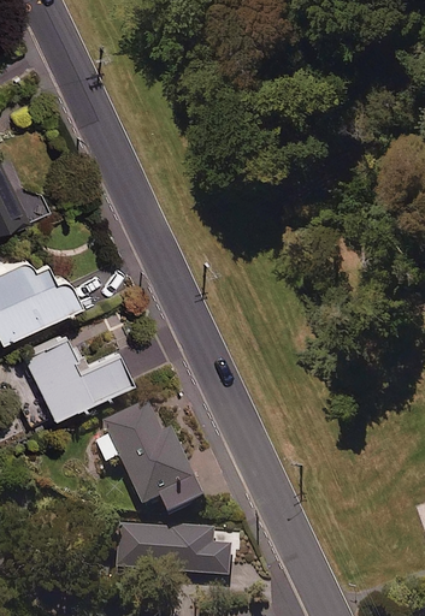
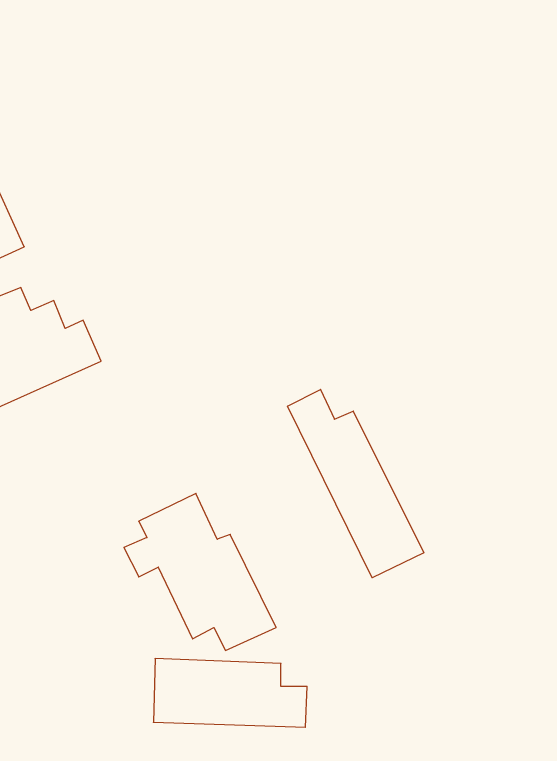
building: none -> [288,389,424,578]
building: [23,334,131,420] -> none

